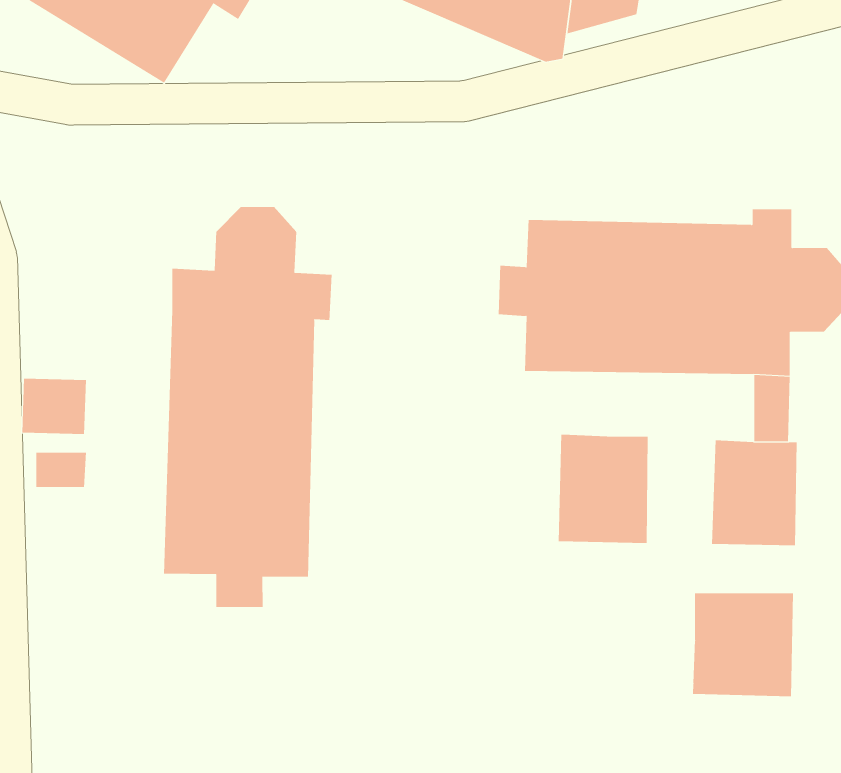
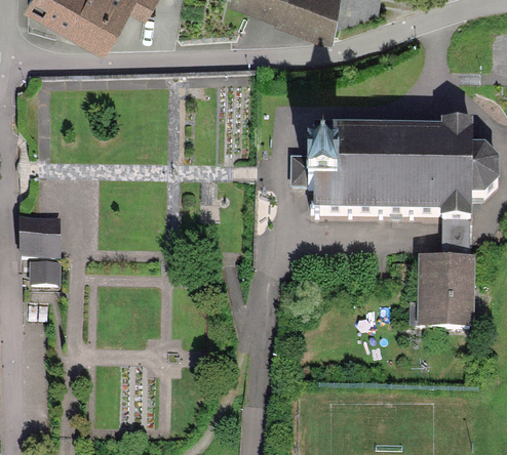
building: [163,206,332,608] -> none
building: [558,434,648,544] -> none
building: [693,592,794,697] -> none

